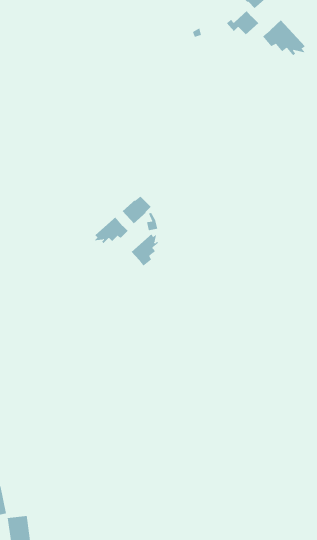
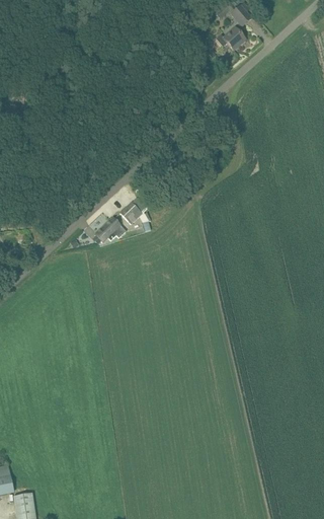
building: [262,19,306,56] -> none
building: [131,233,159,266] -> none

